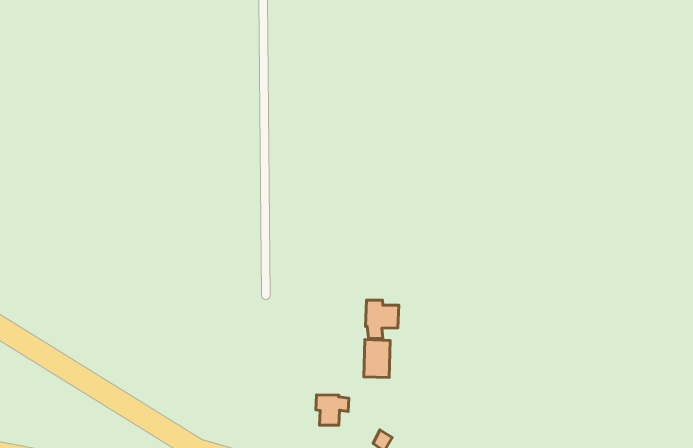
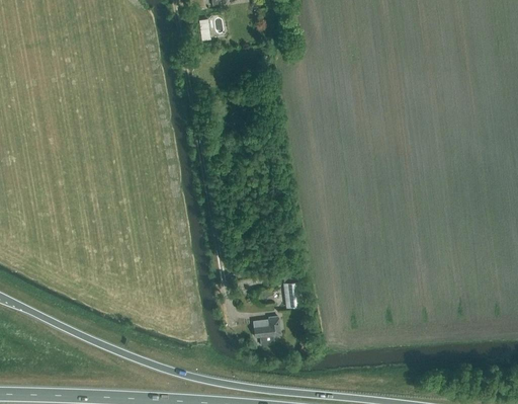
building: [366,300,399,338] -> none

